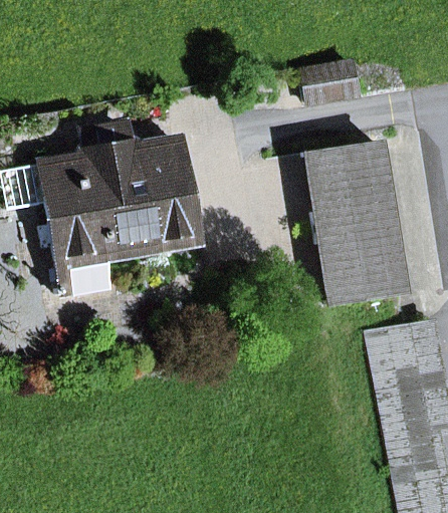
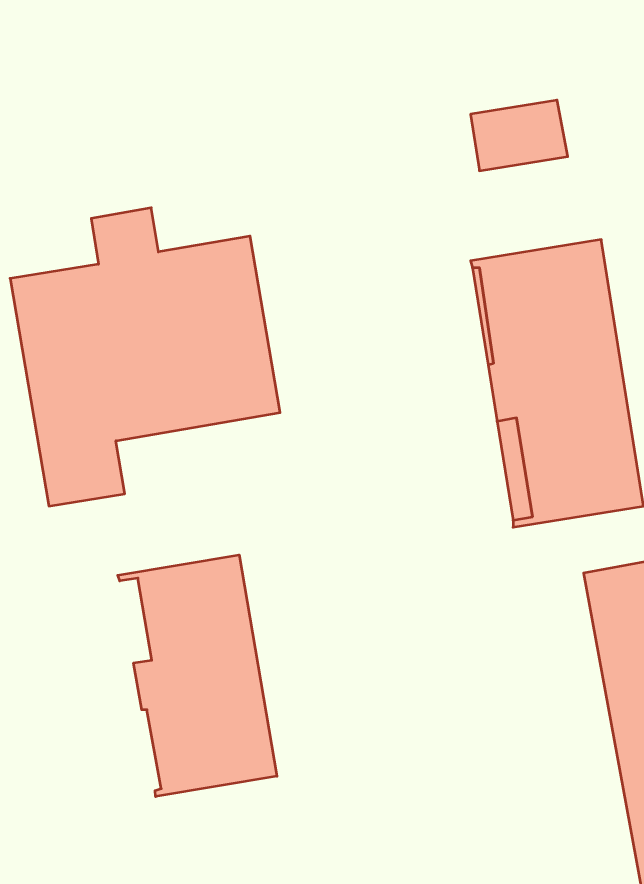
building: none -> [118,555,277,797]

